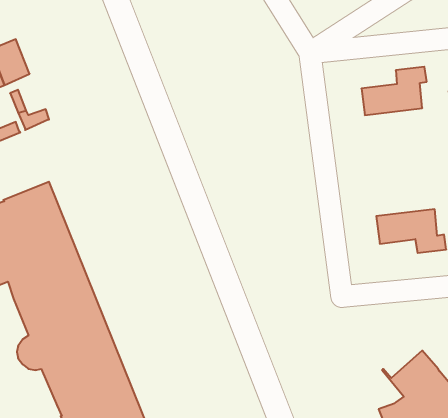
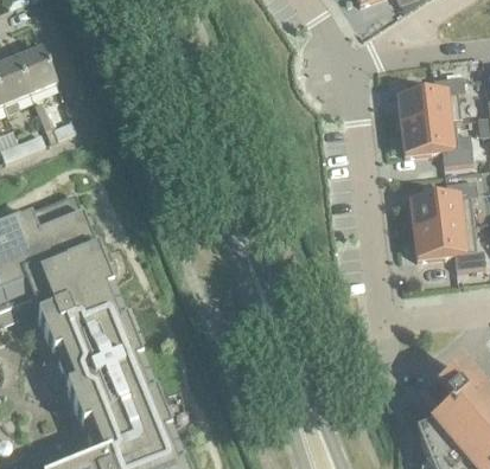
building: none -> [400,116,472,162]
building: none -> [408,176,476,227]

